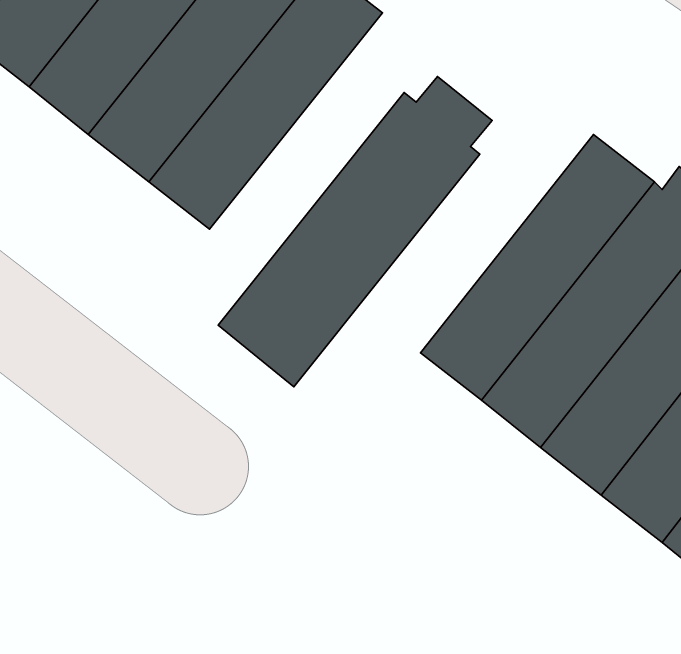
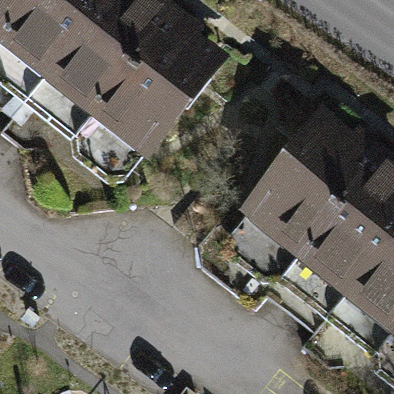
building: [218,76,492,387] -> none

